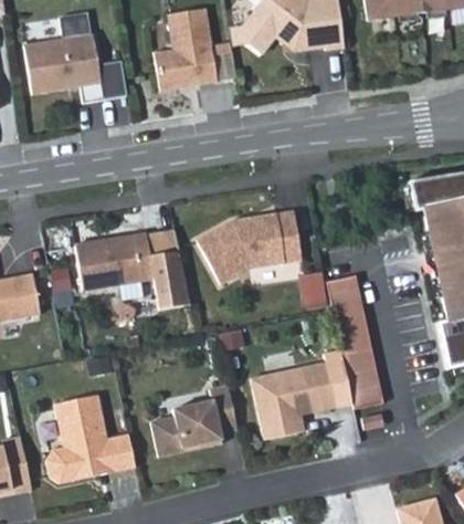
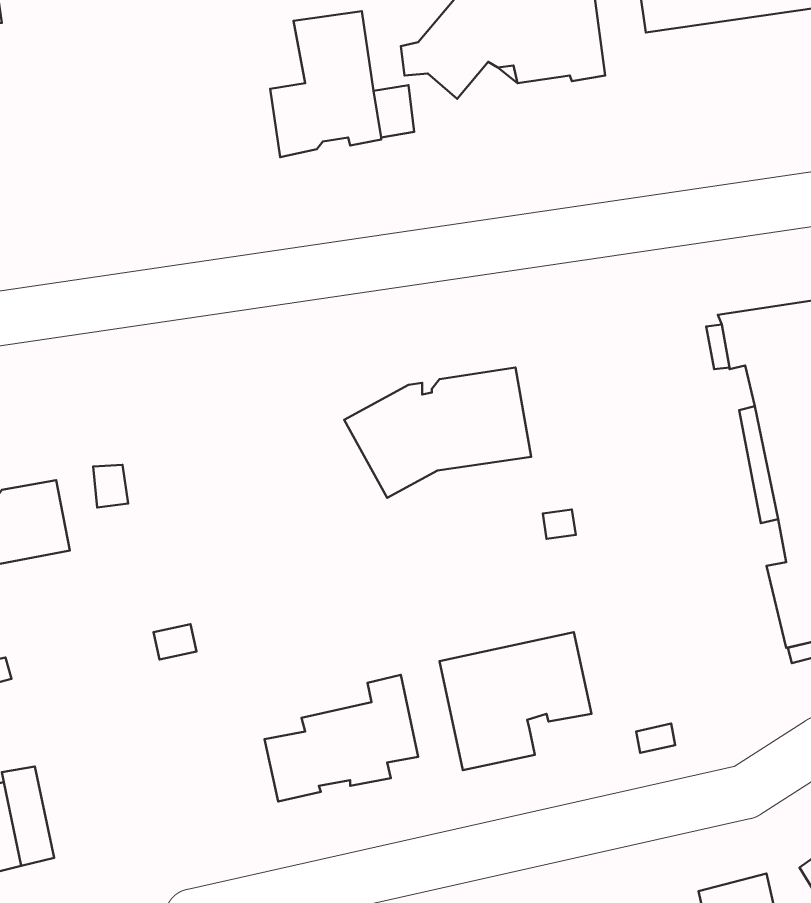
building: [24,12,126,103] -> none
building: [75,233,192,312] -> none
building: [327,275,383,408] -> none
building: [46,395,136,482] -> none

